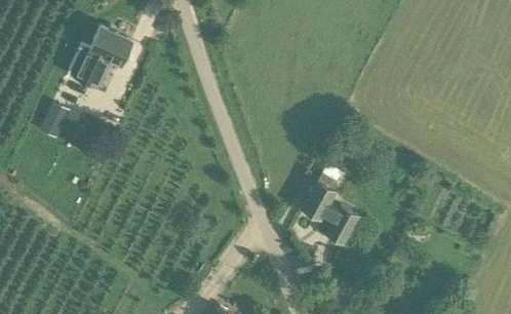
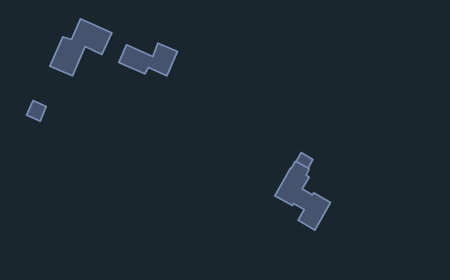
building: none -> [119,43,177,76]

